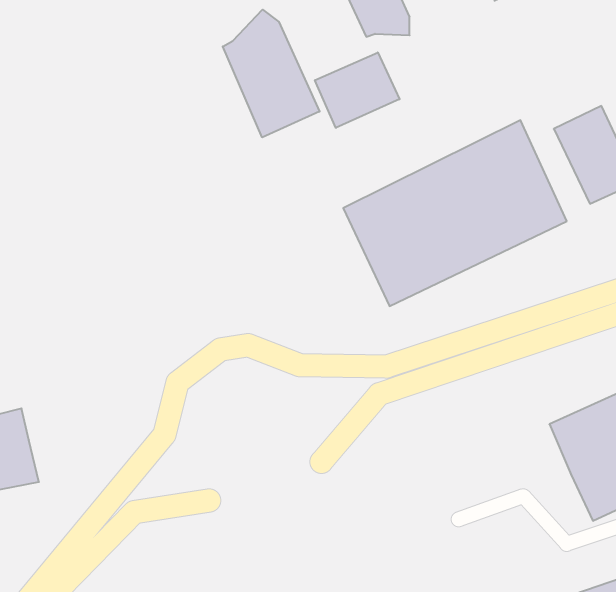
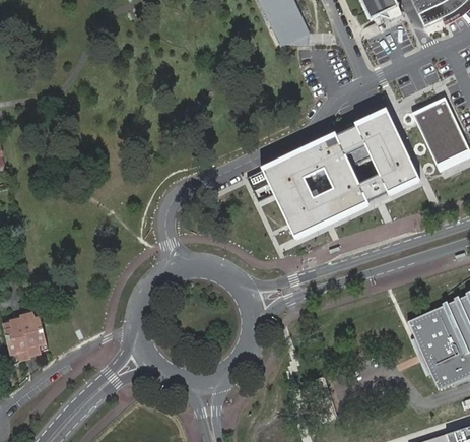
building: [223,10,320,137] -> none
building: [315,52,400,128] -> none

